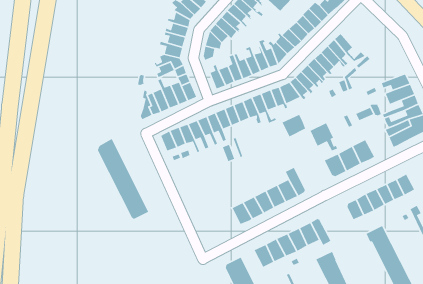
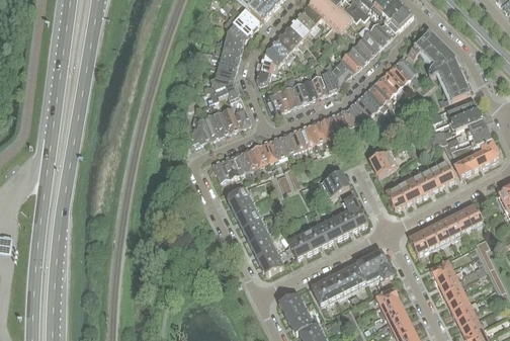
building: none -> [408,30,470,100]
building: [281,114,306,138] -> [323,171,349,196]
building: none -> [430,159,455,186]
building: [97,138,149,220] -> [228,186,283,273]

